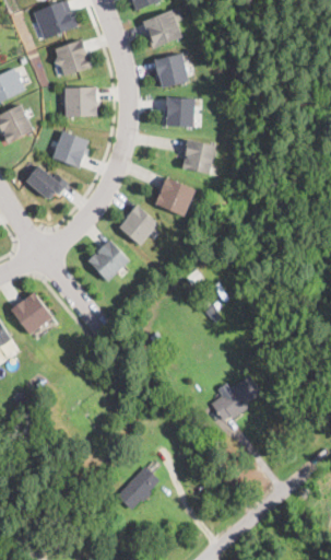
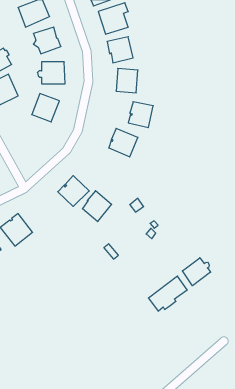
building: [25,166,68,199] -> none
building: [119,203,158,245] -> [82,191,112,222]
building: none -> [182,258,211,286]
building: [115,468,157,511] -> none

